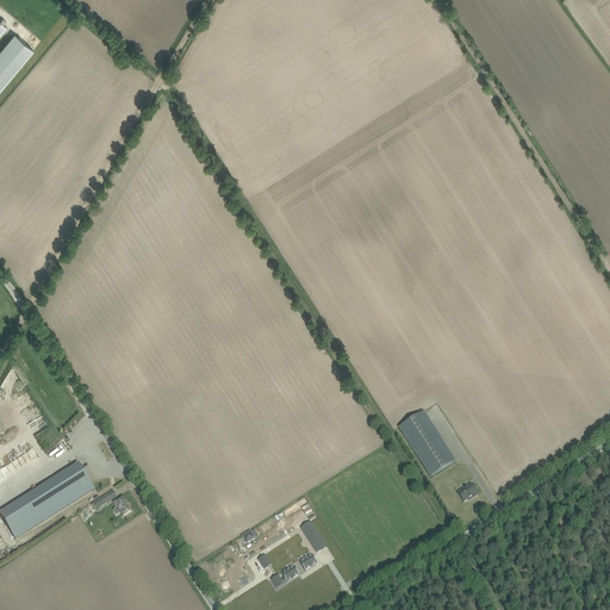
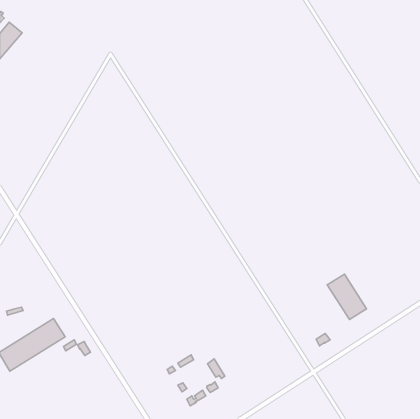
building: [398,410,455,475] -> [327,274,367,320]

